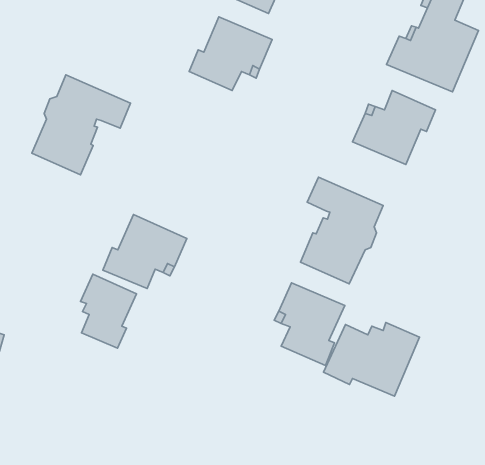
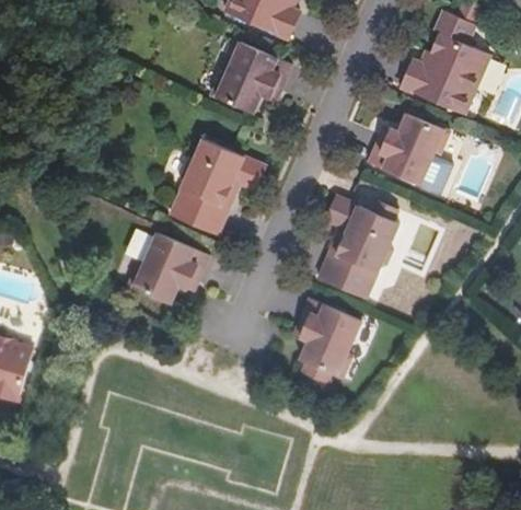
building: [32,75,131,175] -> [170,138,265,234]
building: [81,274,137,348] -> none
building: [323,323,420,396] -> none

